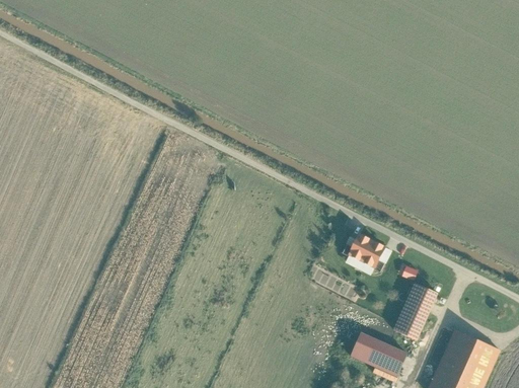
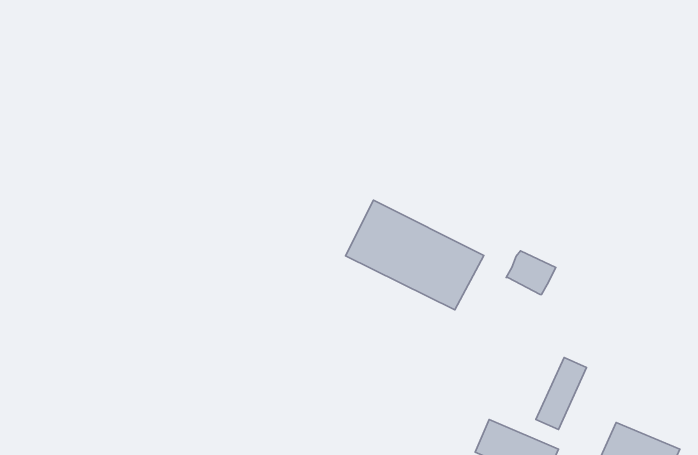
building: none -> [346,200,484,310]
building: [351,236,386,267] -> [506,251,556,294]

